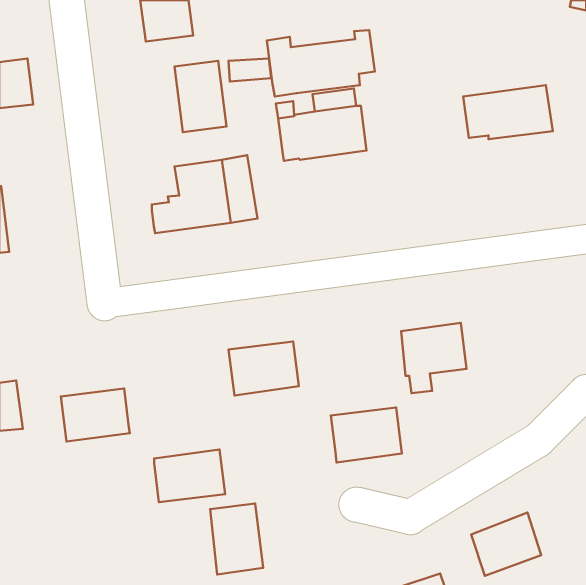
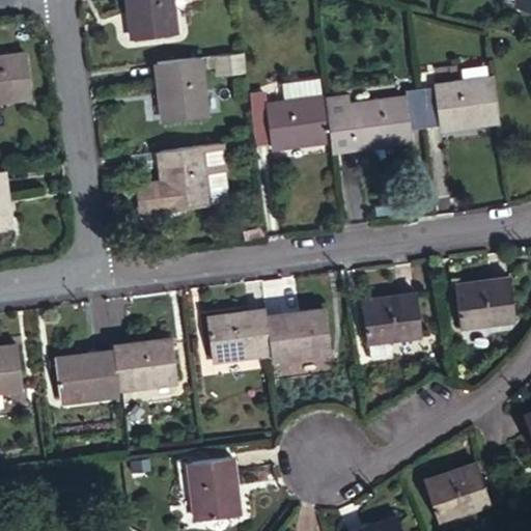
building: [267,30,375,97] -> [326,89,423,149]
building: none -> [454,278,514,326]
building: [331,407,402,463] -> [266,310,330,360]
building: [154,449,225,502] -> [112,340,176,388]

